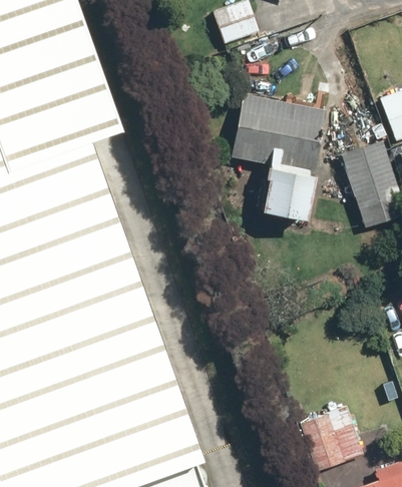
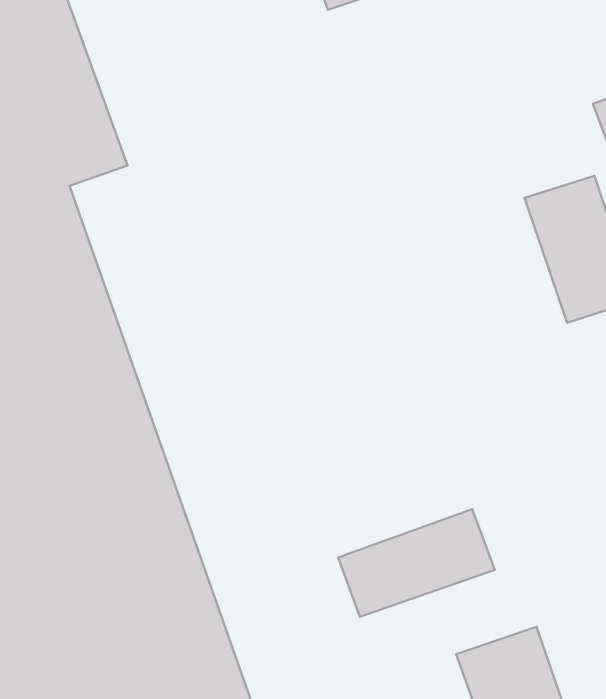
building: [231,94,326,222] -> none
building: none -> [338,509,495,617]

